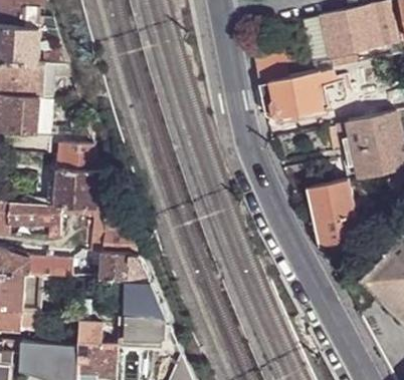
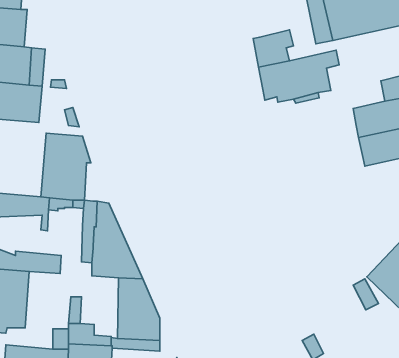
building: [307,179,355,246] -> none

